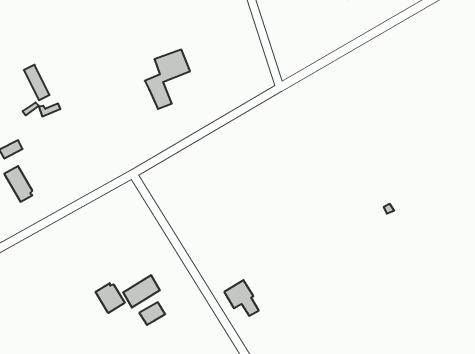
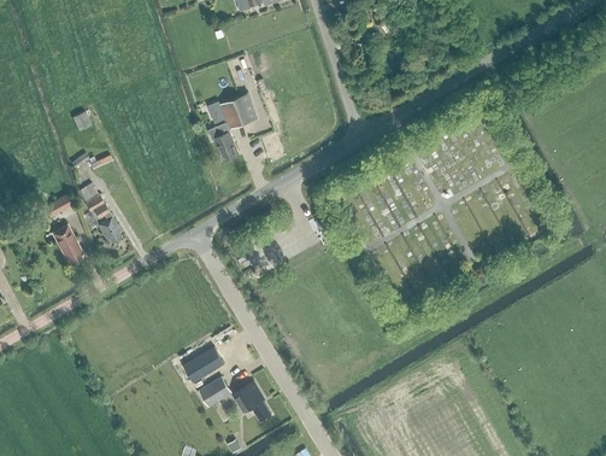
building: none -> [80,183,120,241]
building: [224,280,259,316] -> [233,381,271,421]
building: [96,283,125,313] -> none

